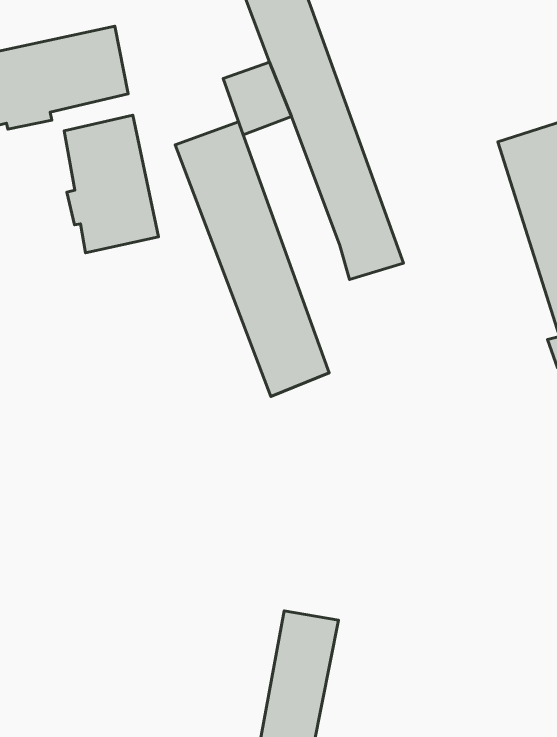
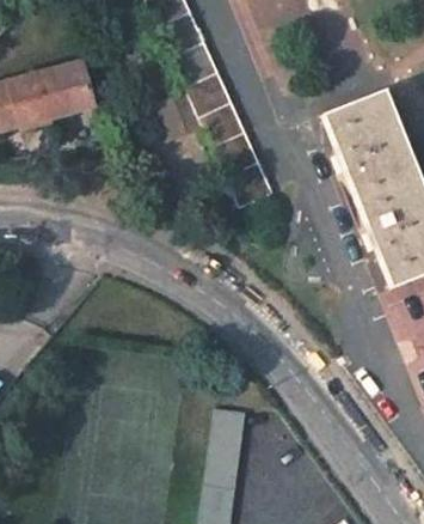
building: [64,115,159,253] -> none
building: [175,122,329,396] -> none

